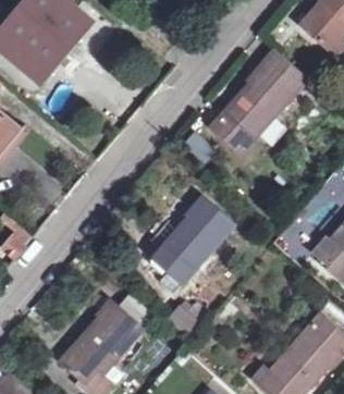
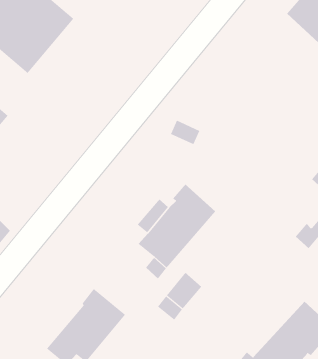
building: [214,47,308,156] -> none

